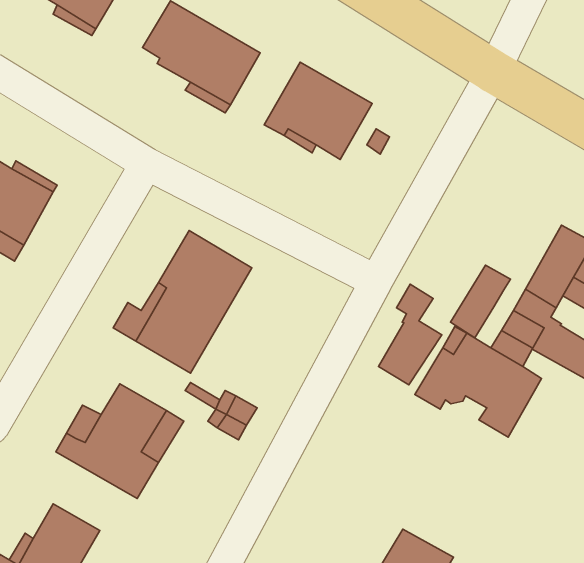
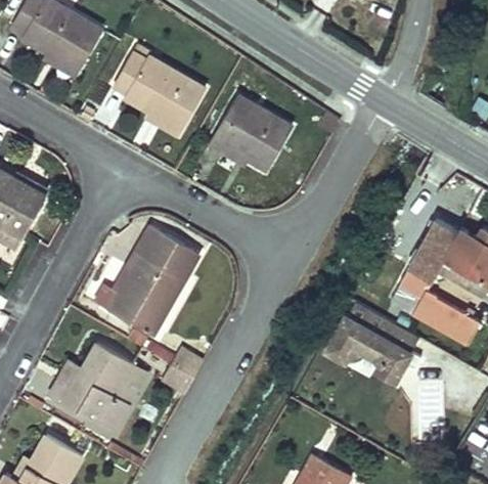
building: [450,265,511,338] -> none
building: [378,284,442,385] -> none

